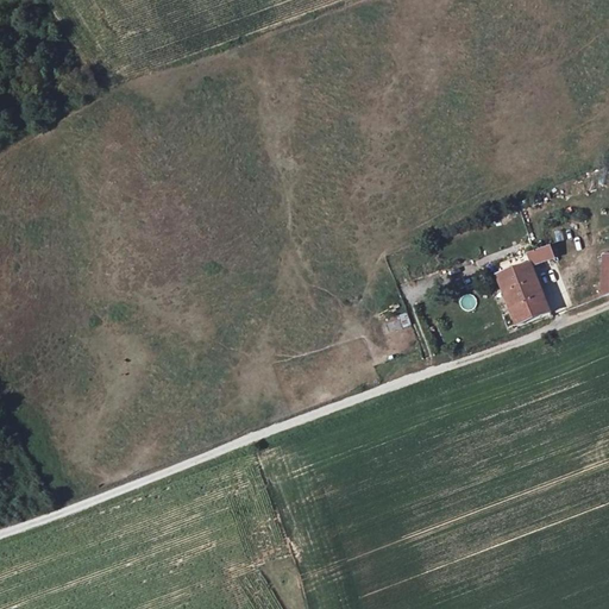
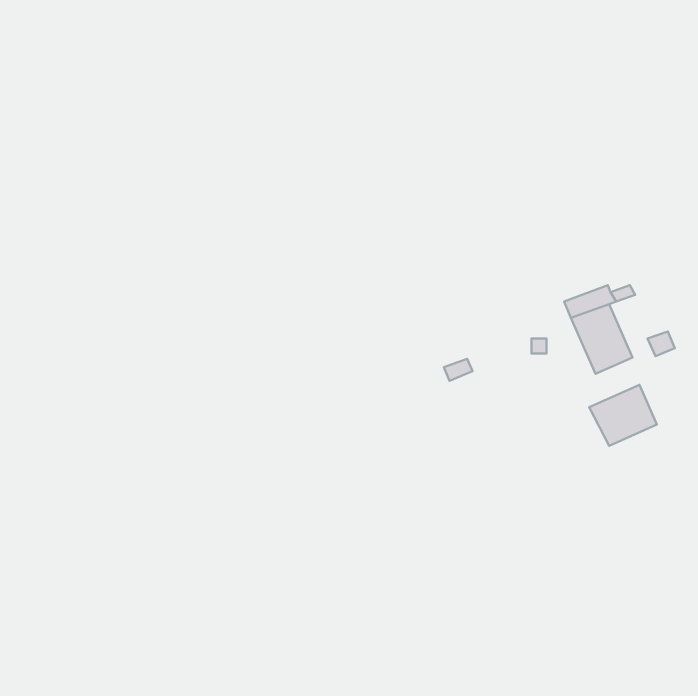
building: none -> [589,385,657,446]

